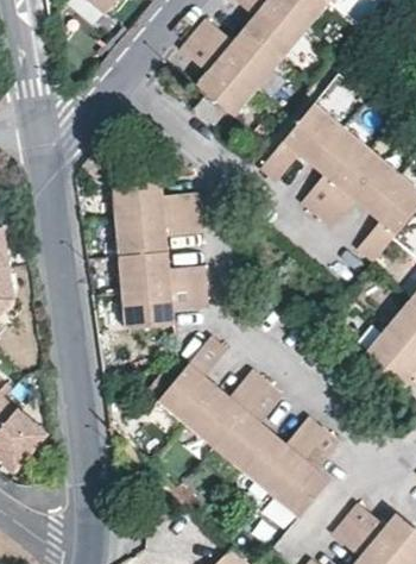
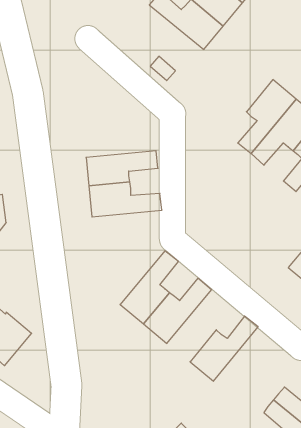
building: [178,33,258,115] -> none
building: [258,101,342,183] -> none
building: [112,178,200,220] -> none
building: [121,284,208,328] -> none
building: [213,382,284,470] -> none
building: [270,427,341,518] -> none

